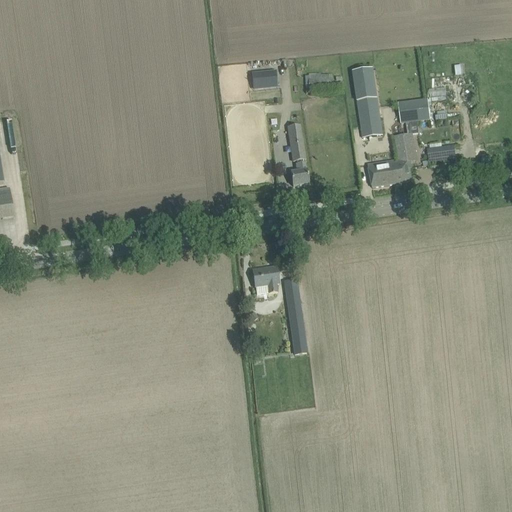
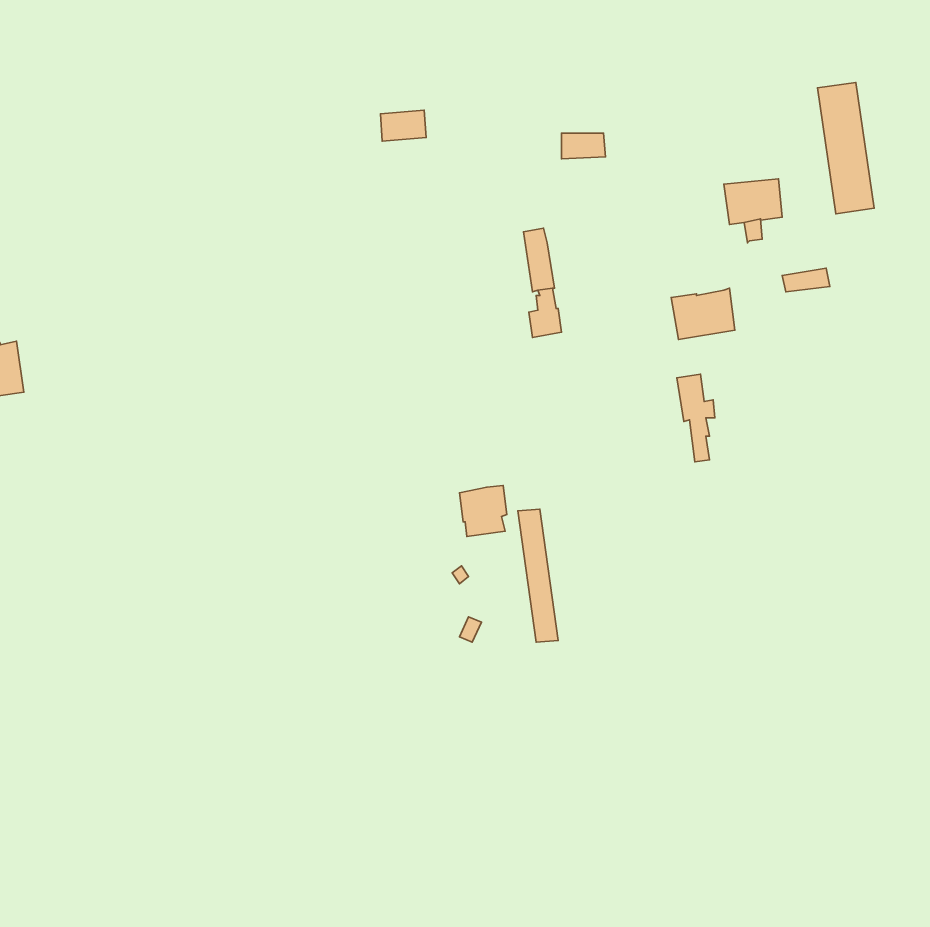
building: [351,64,382,136] -> [817,82,874,214]
building: [247,70,272,87] -> [380,110,426,141]
building: [393,133,414,181] -> [677,374,715,462]

